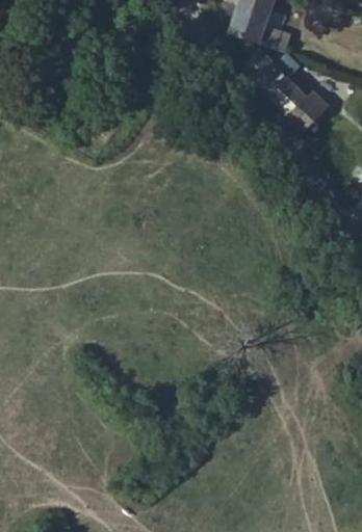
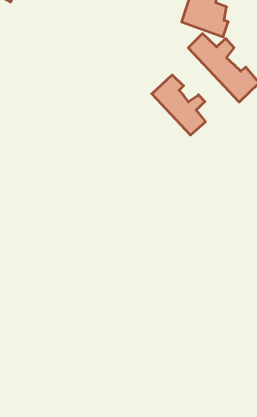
building: none -> [152,75,205,135]

